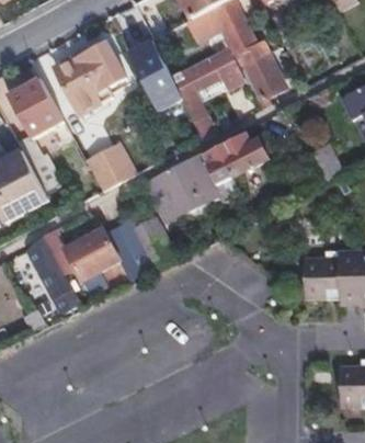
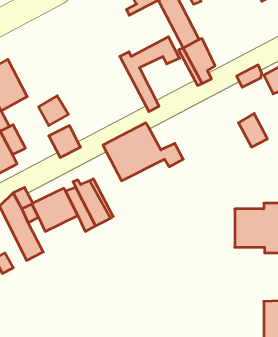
building: [128,41,182,111] -> none
building: [57,42,126,113] -> none
building: [204,135,270,184] -> none

